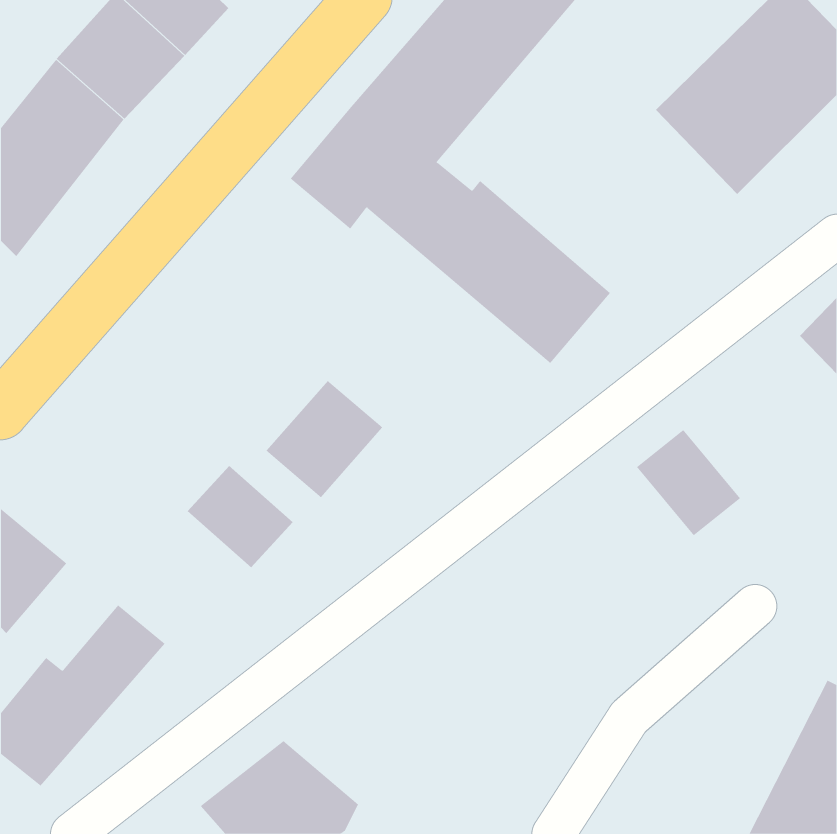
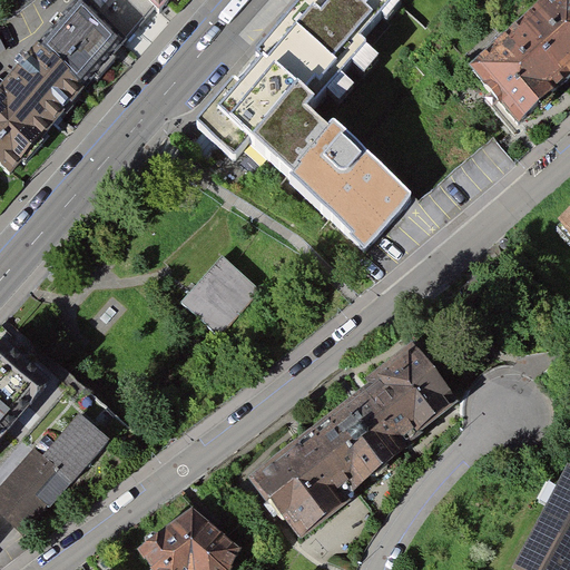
building: [636,429,741,536] -> none
building: [187,465,293,568] -> none
building: none -> [250,341,461,538]

